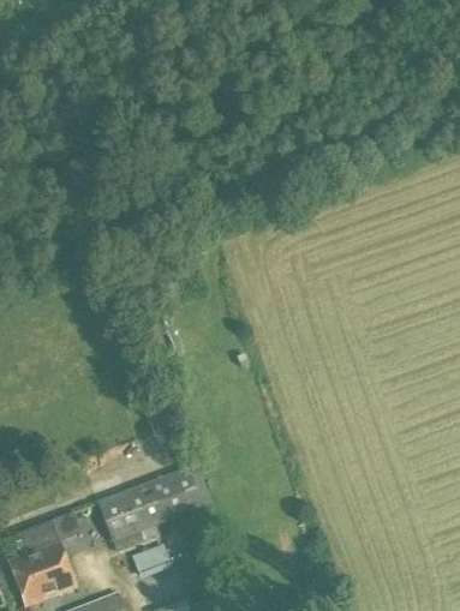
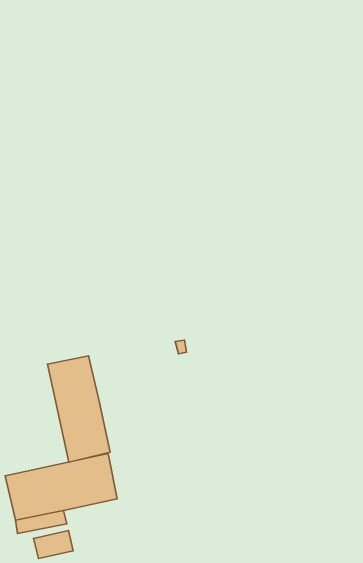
building: none -> [48,356,110,462]

